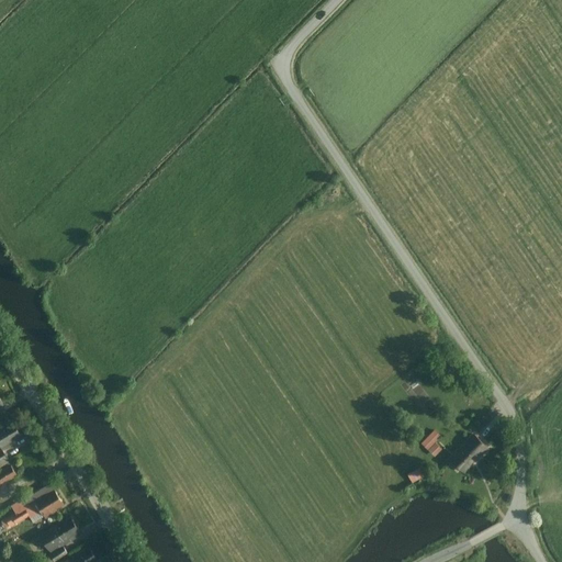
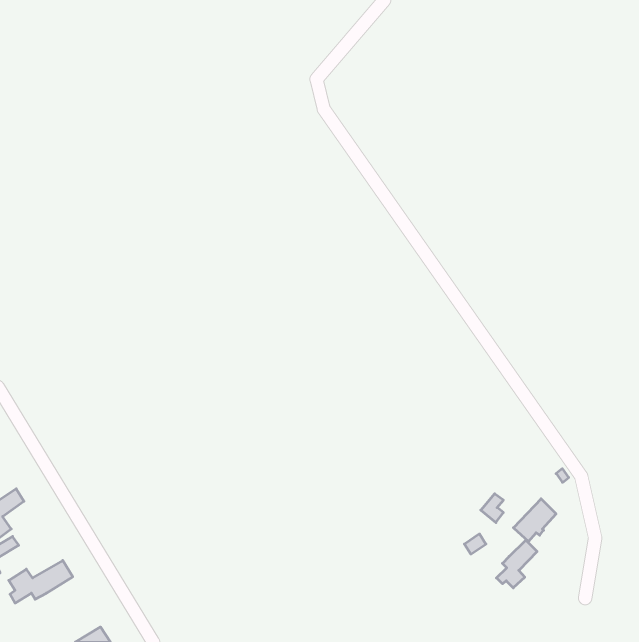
building: none -> [496,540,537,588]
building: [36,516,78,552] -> none

